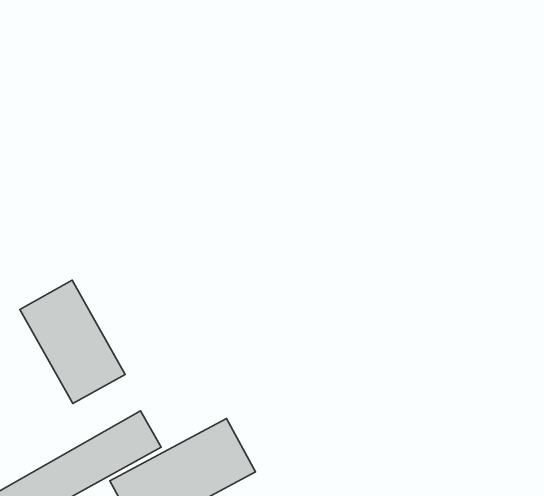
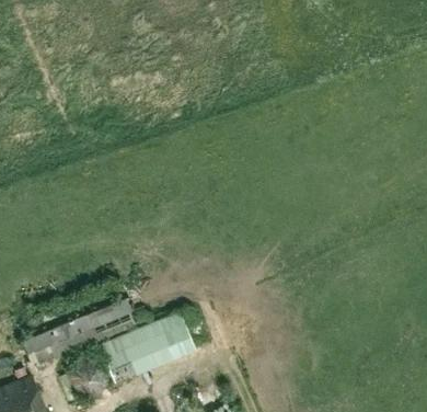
building: [20,280,125,404] -> none

